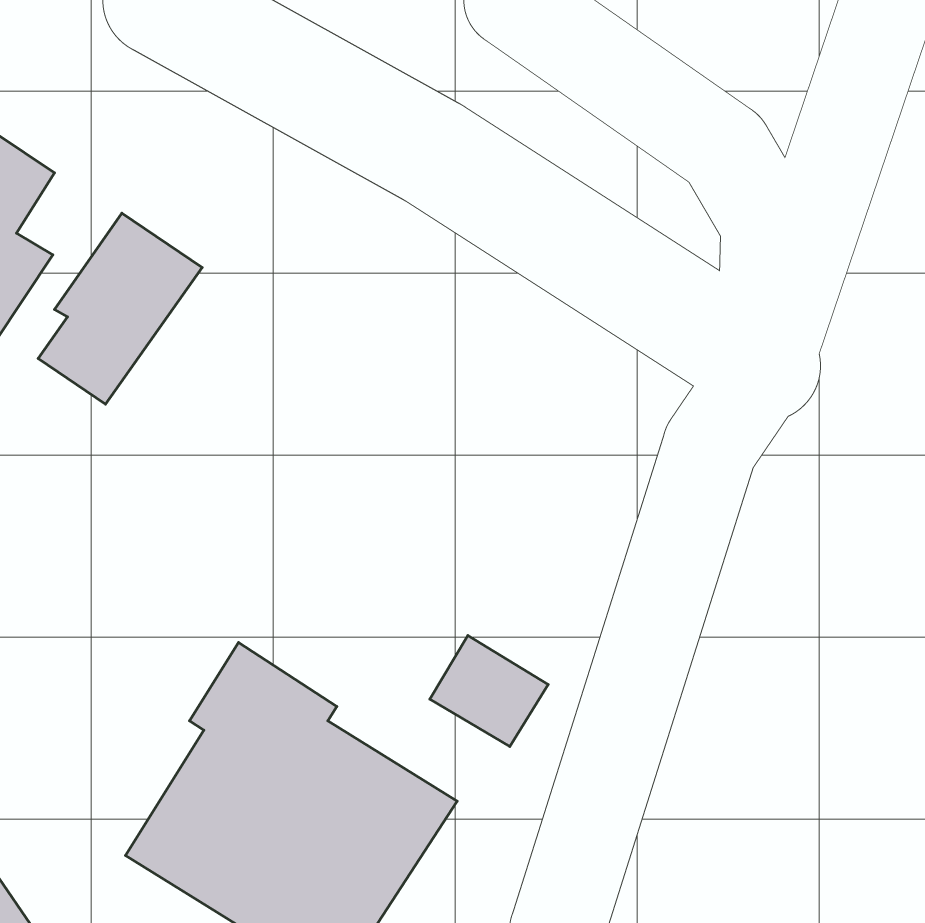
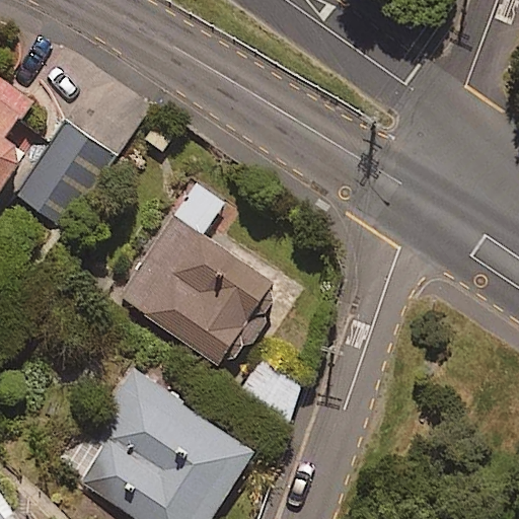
building: none -> [117,184,273,365]

